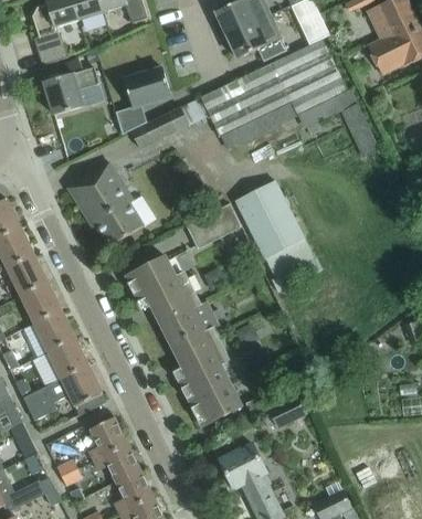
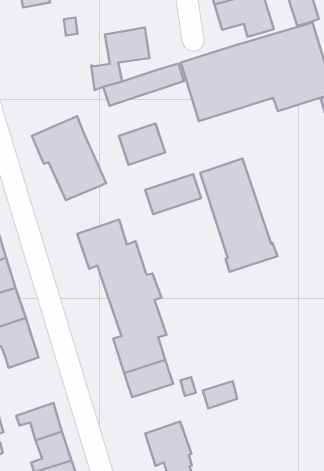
building: [44,73,83,115] -> none
building: none -> [119,124,165,165]
building: [87,417,127,460] -> none

